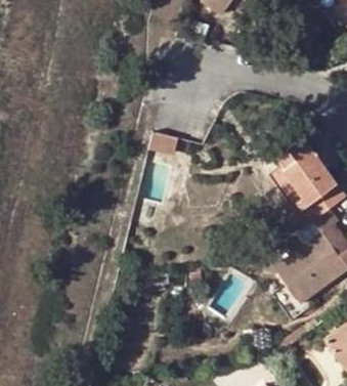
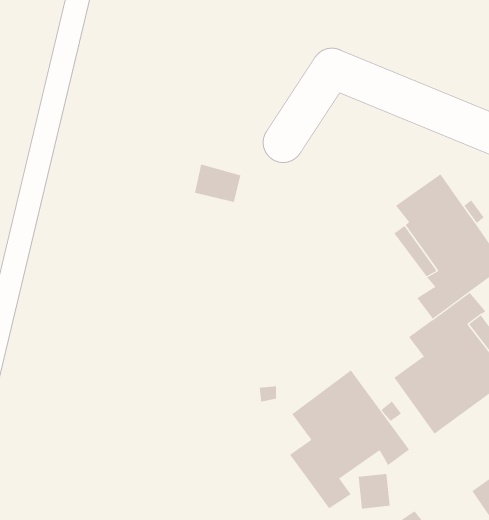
building: none -> [289,370,410,509]

